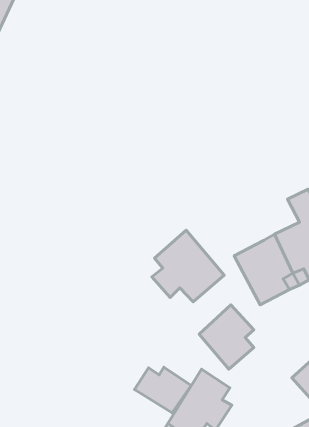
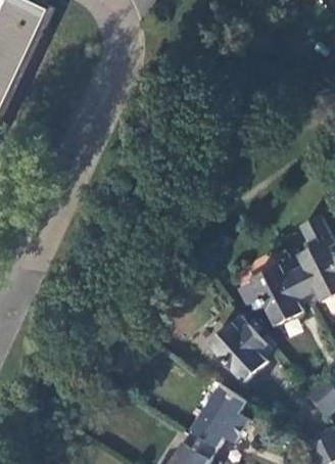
building: [152,230,224,302] -> none
building: [135,367,191,413] -> none

